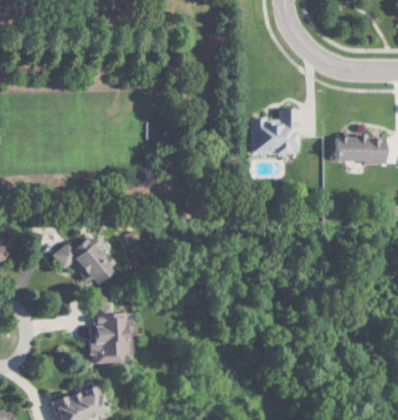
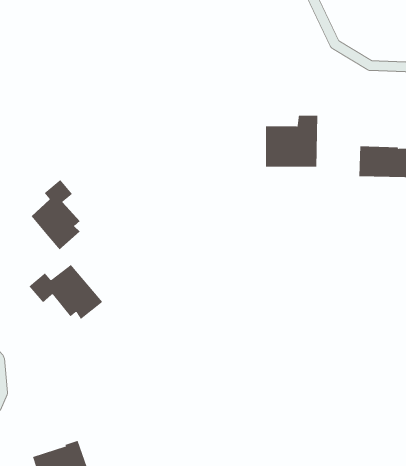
building: none -> [31,179,80,250]
building: [91,303,128,363] -> none

